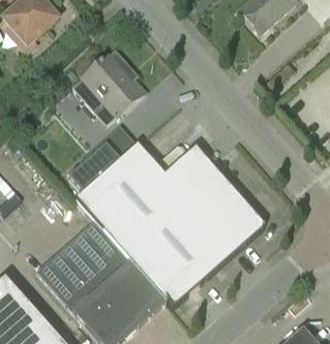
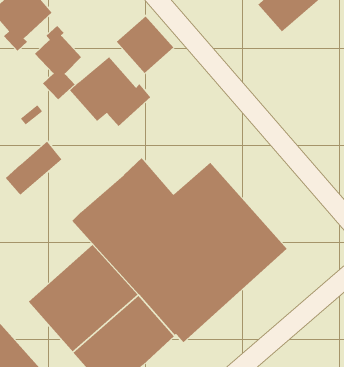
building: none -> [116,15,174,74]
building: none -> [34,25,82,100]
building: [70,142,121,190] -> [5,141,63,196]

